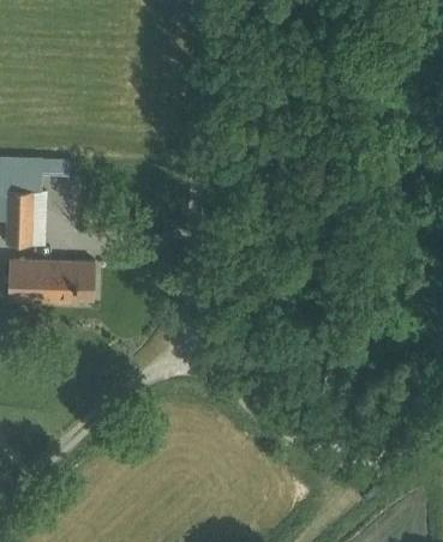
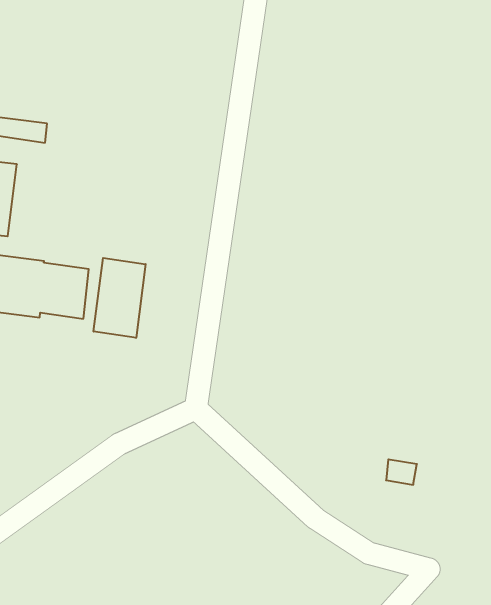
building: none -> [94,258,146,338]

